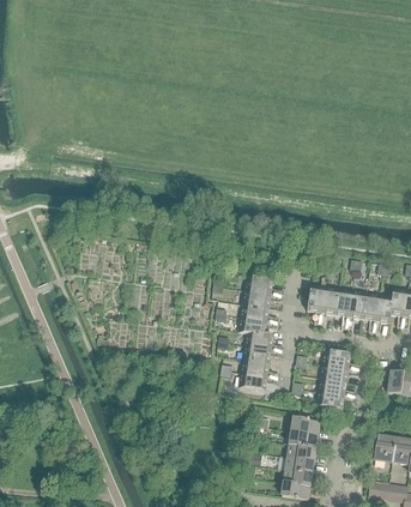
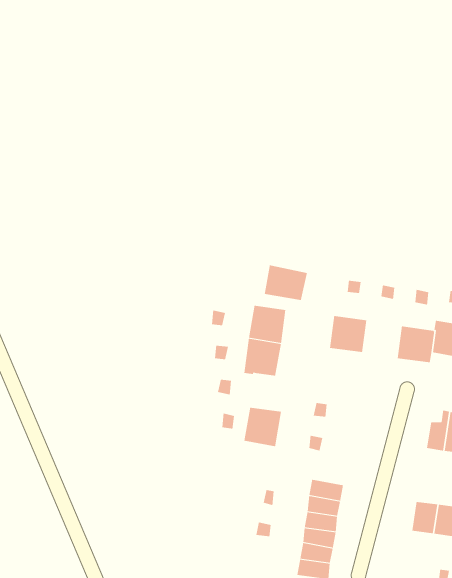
building: none -> [264,265,307,301]
building: [336,288,367,319] -> none
building: [243,331,273,362] -> none
building: [316,350,351,409] -> none

